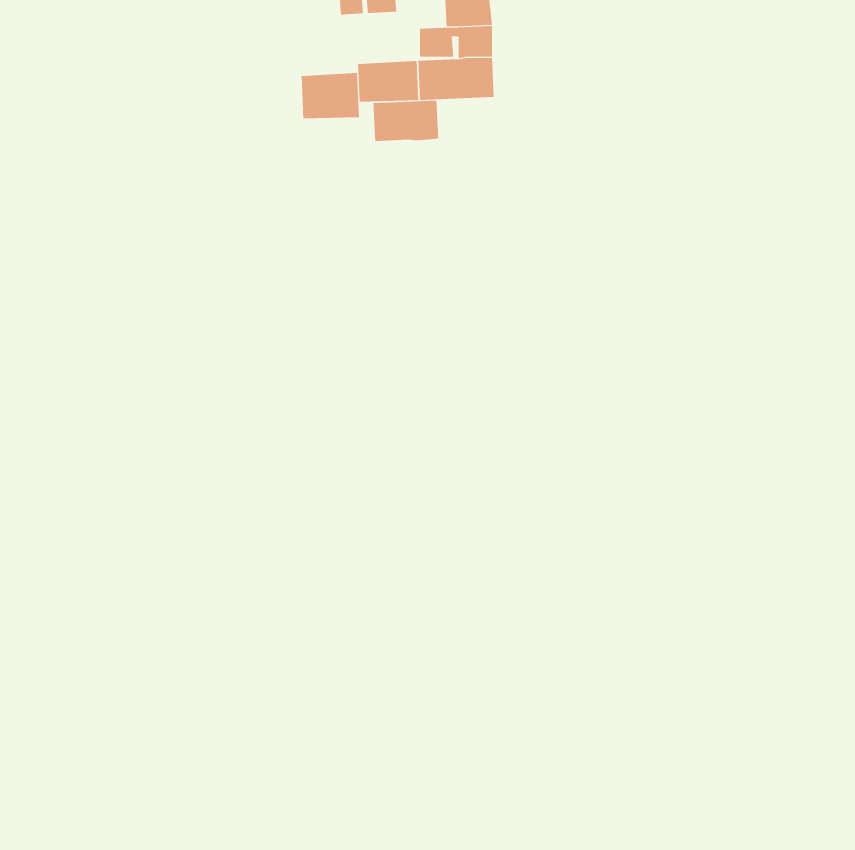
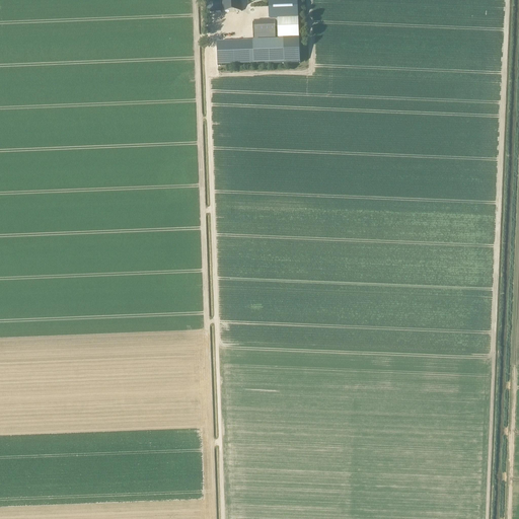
building: [301,72,359,119] -> none
building: [373,100,439,142] -> none

